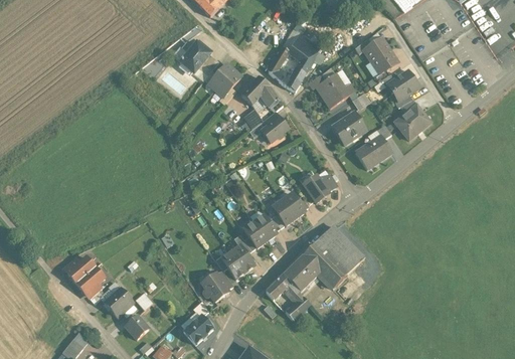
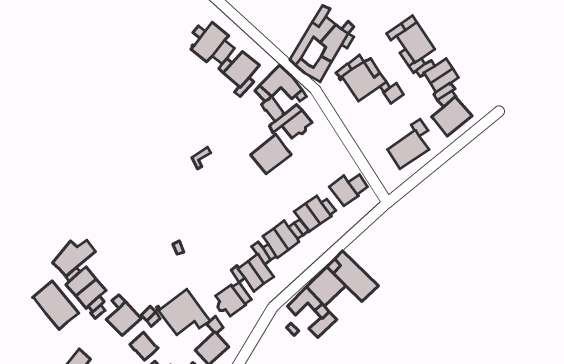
building: [332,112,366,145] -> none
building: none -> [251,134,291,174]
building: [315,225,364,274] -> none
building: none -> [53,240,96,276]
building: none -> [33,281,79,329]
building: none -> [157,289,210,335]

